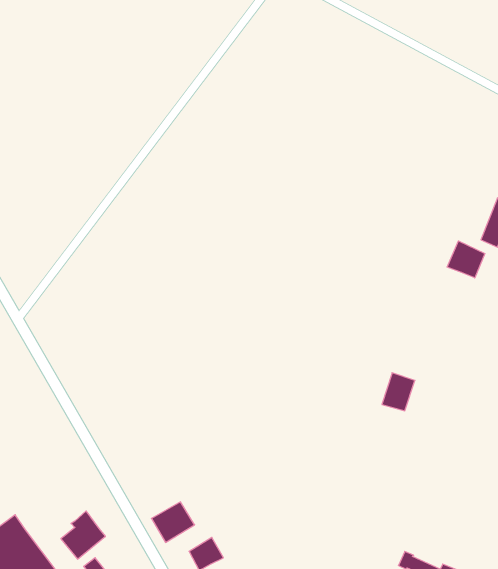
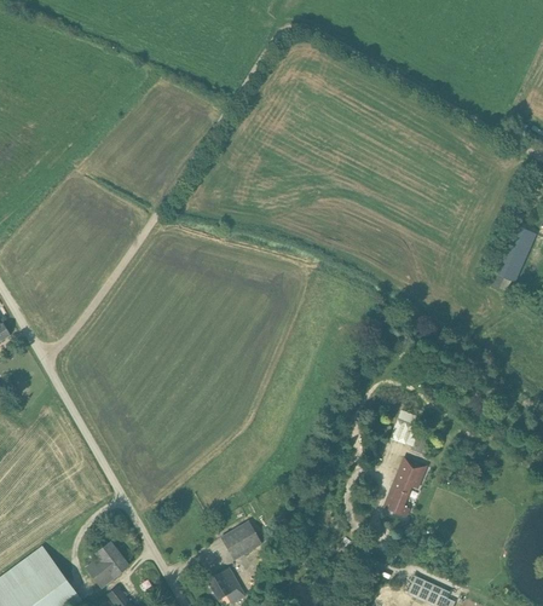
building: [447,241,485,278] -> none
building: none -> [385,457,426,514]
building: [151,502,195,542] -> [221,521,262,560]

